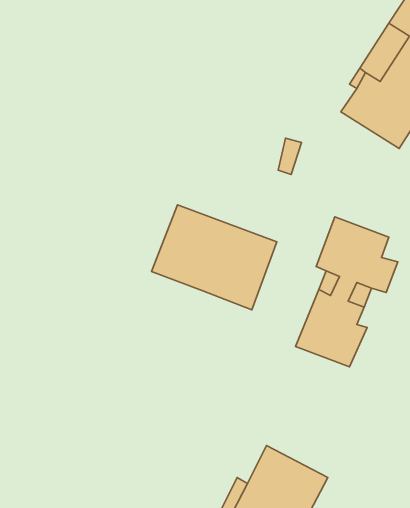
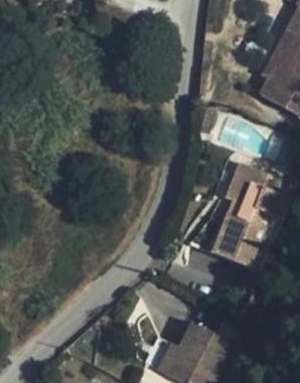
building: [151,205,277,310] -> none

